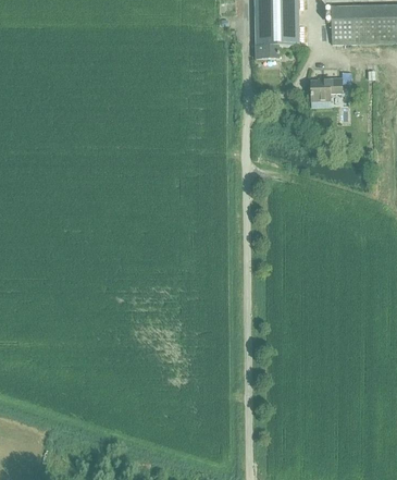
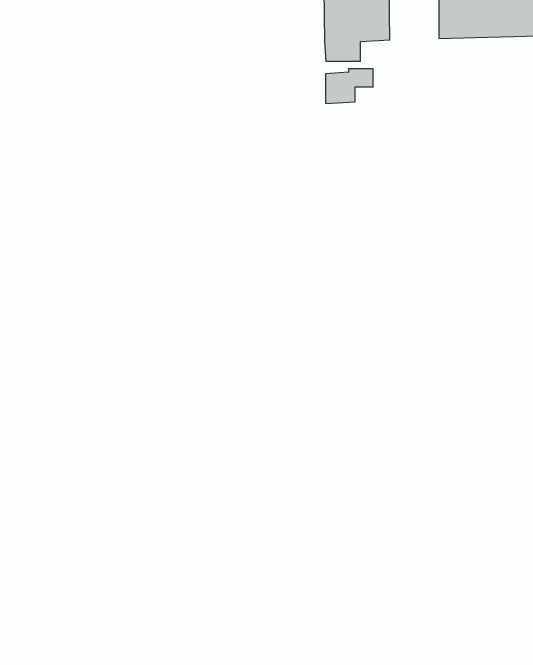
building: [311,77,343,100] -> [326,69,373,103]

